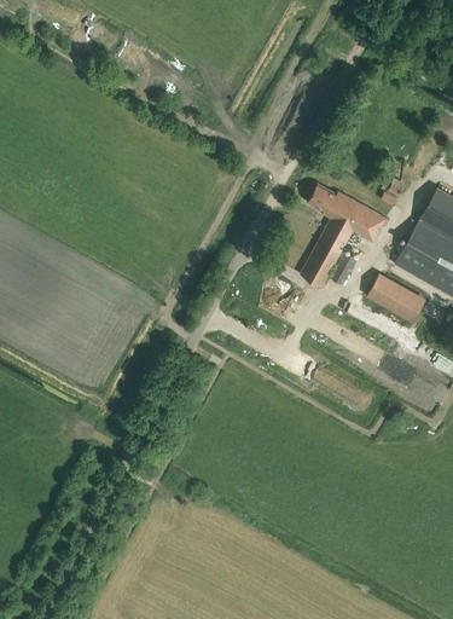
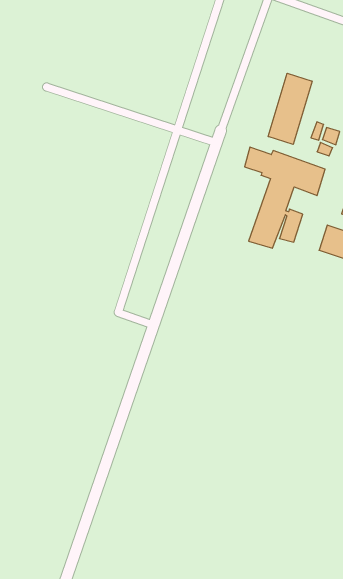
building: none -> [268,73,312,144]

